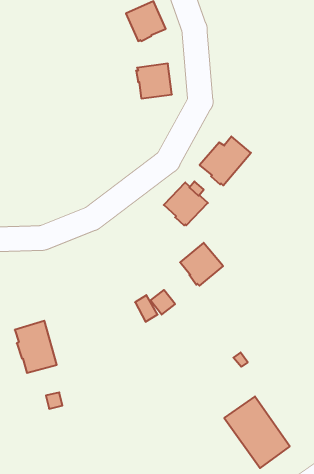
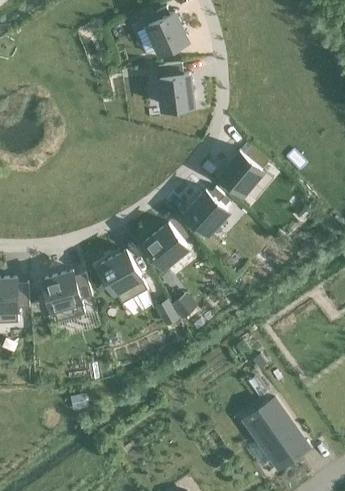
building: [180,243,223,286] -> [146,225,188,267]
building: none -> [101,252,149,305]
building: [15,321,57,373] -> [45,272,86,323]

